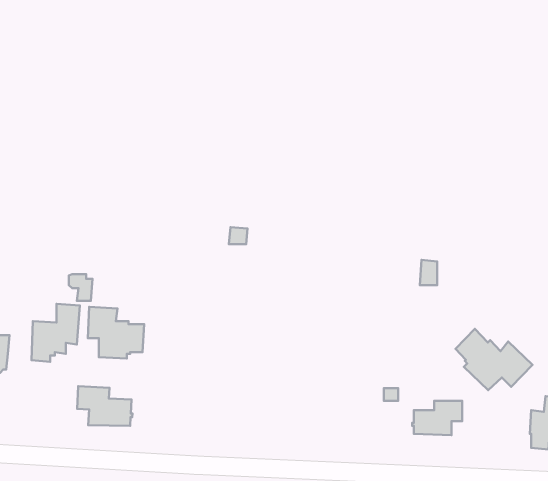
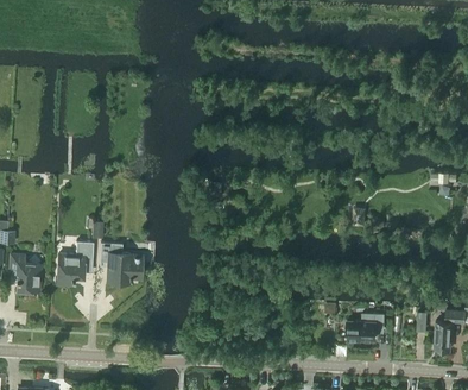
building: [456,329,533,390] -> none
building: [77,386,132,426] -> none

